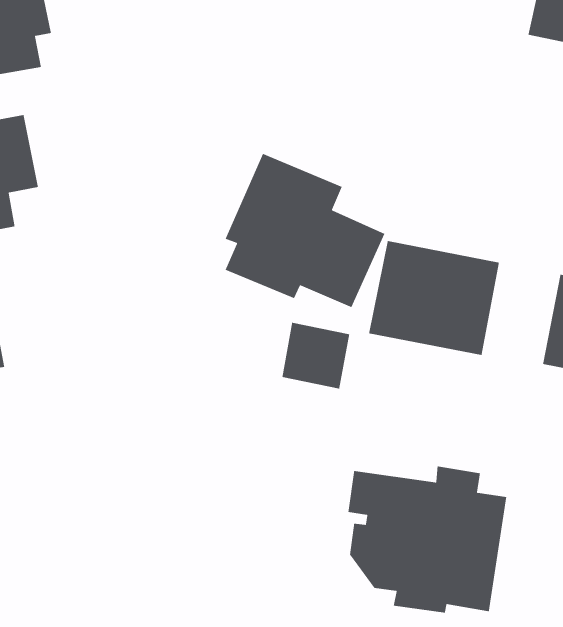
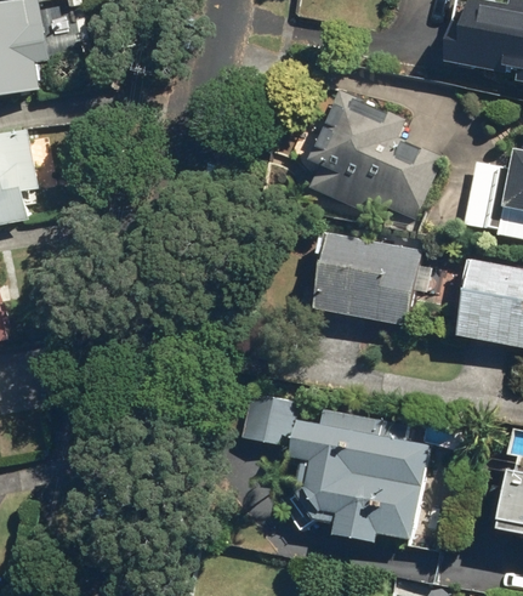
building: [224,153,385,308] -> [307,90,440,218]
building: [281,322,350,389] -> [240,391,297,447]

